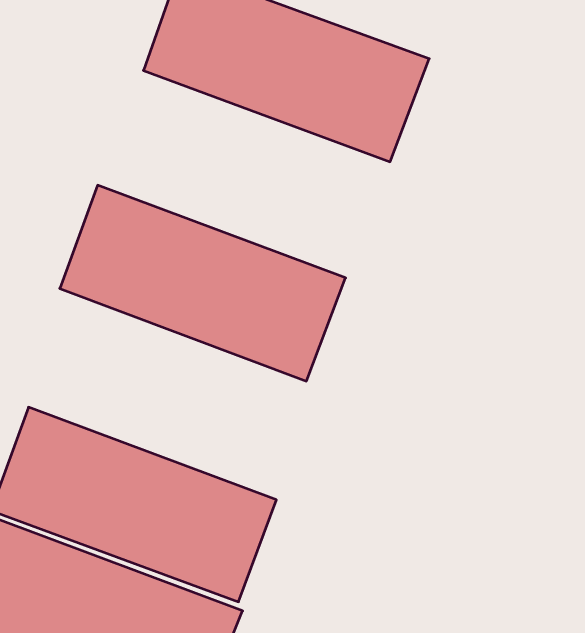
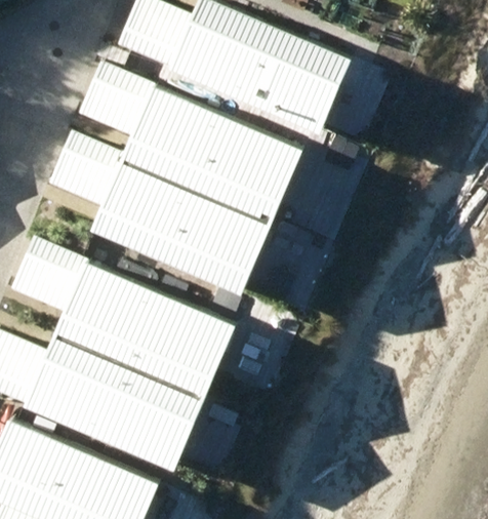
building: none -> [81,66,307,218]
building: none -> [27,243,251,396]

